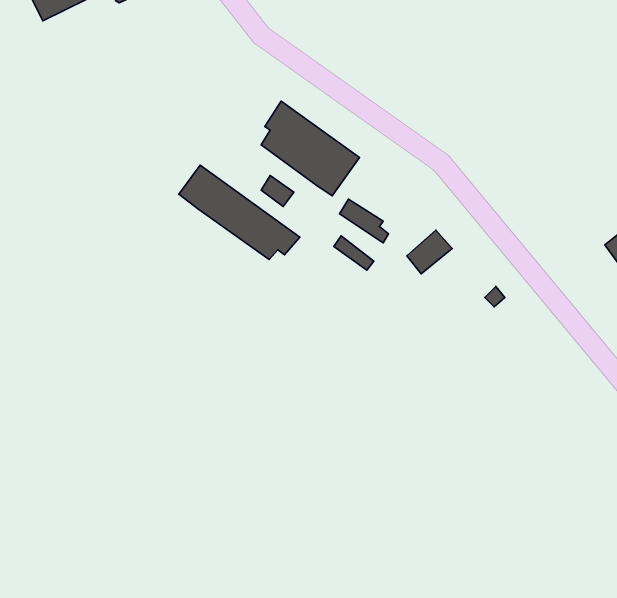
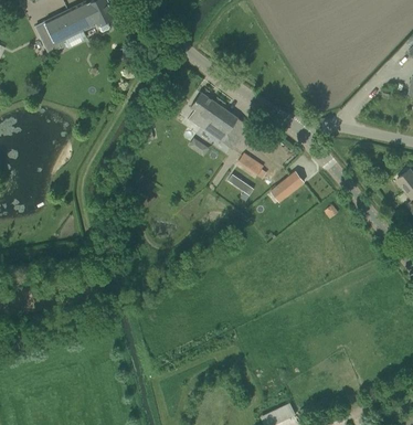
building: [179,165,300,259] -> none

